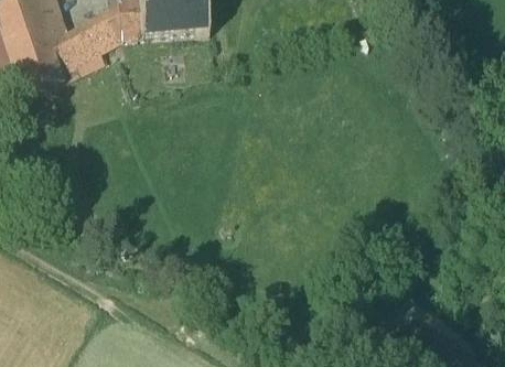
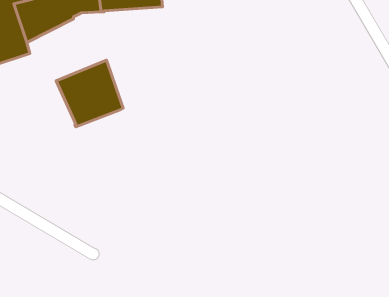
building: none -> [56,60,123,127]

